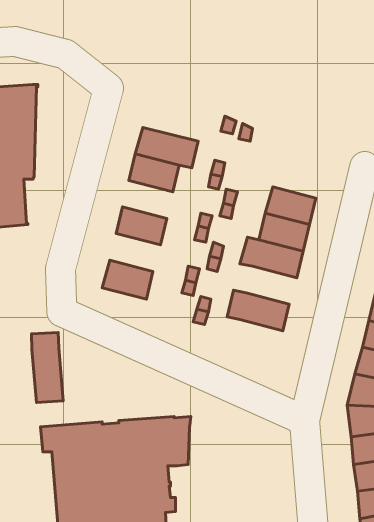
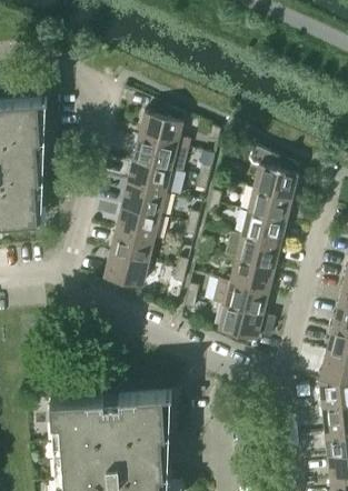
building: none -> [139,108,190,151]
building: none -> [249,147,299,201]
building: none -> [121,186,166,219]
building: none -> [110,232,155,265]
building: none -> [230,261,275,294]
building: none -> [218,308,276,342]
building: [31,332,63,403] -> none

